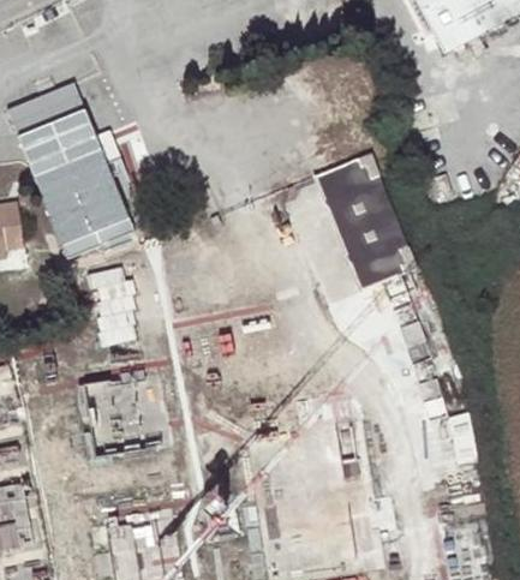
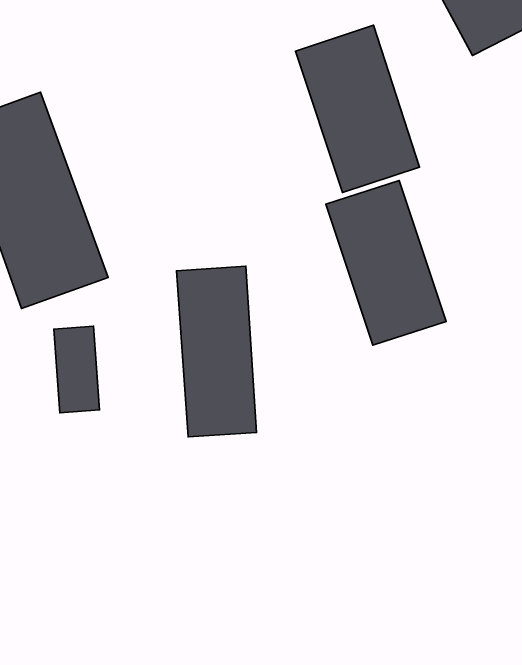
building: none -> [295,25,419,192]
building: none -> [176,266,257,437]

